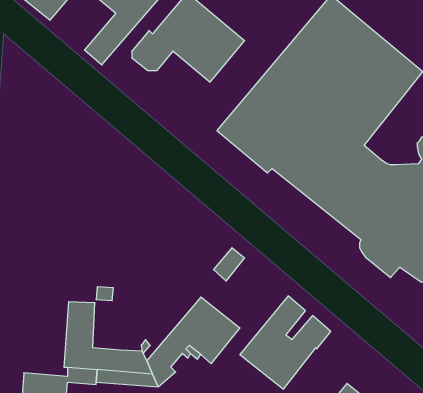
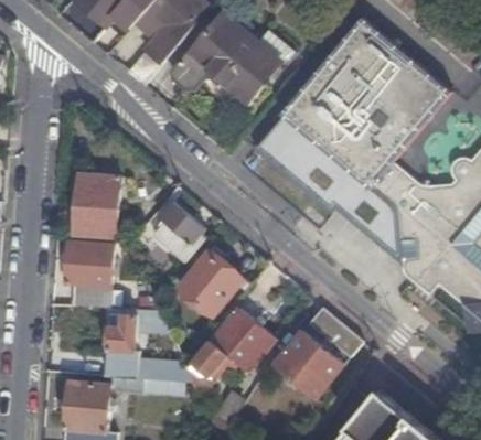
building: none -> [73,175,126,240]
building: none -> [152,202,204,261]
building: none -> [64,242,110,309]
building: none -> [179,253,242,315]

